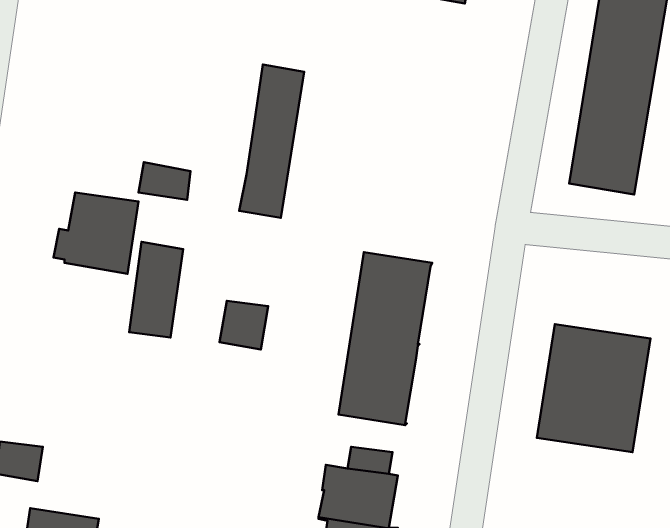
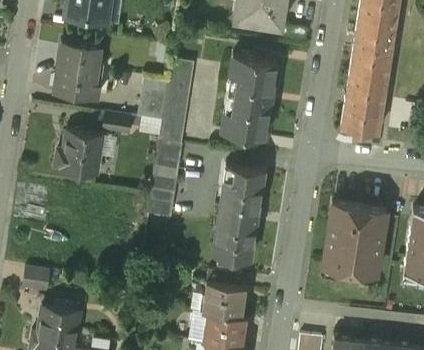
building: none -> [54,43,101,100]
building: none -> [221,57,277,140]
building: none -> [137,93,166,123]
building: [129,242,183,338] -> [151,143,181,196]

